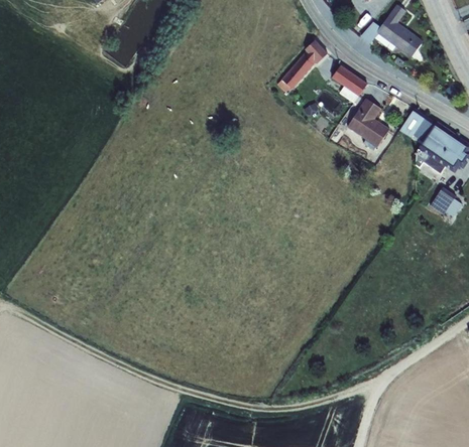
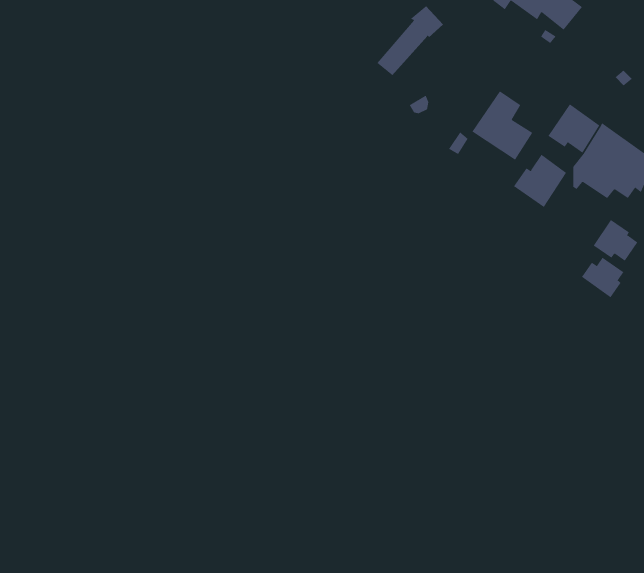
building: [331,65,367,103] -> none
building: none -> [513,154,567,208]
building: none -> [581,257,624,298]

